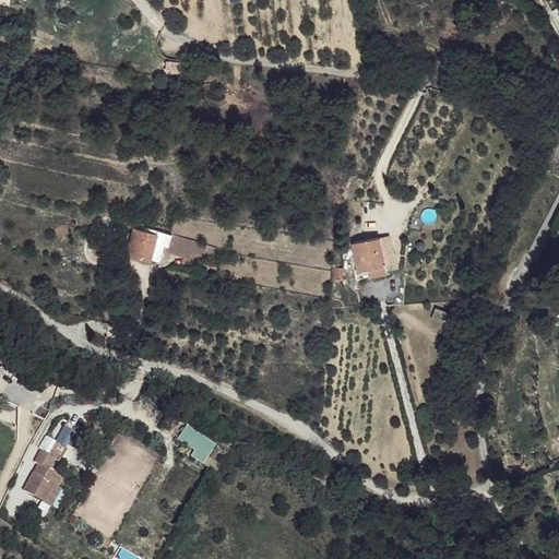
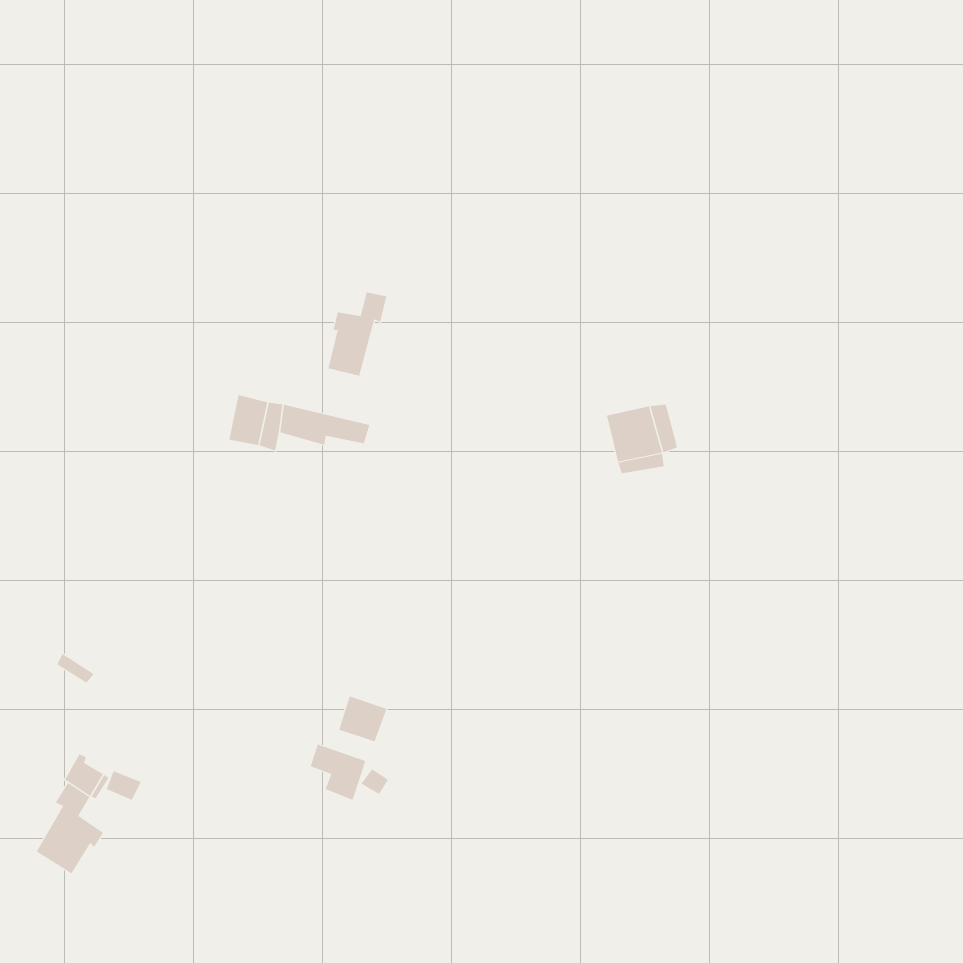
building: none -> [328,292,387,377]
building: none -> [339,695,387,742]

